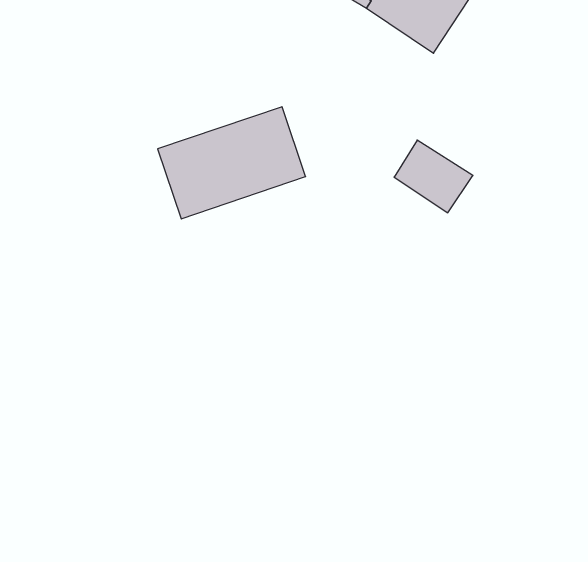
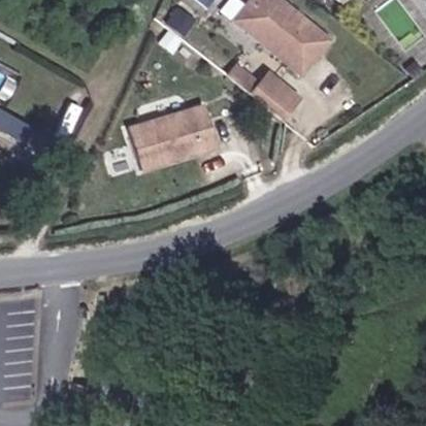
building: [394,140,473,213] -> [256,73,302,118]

